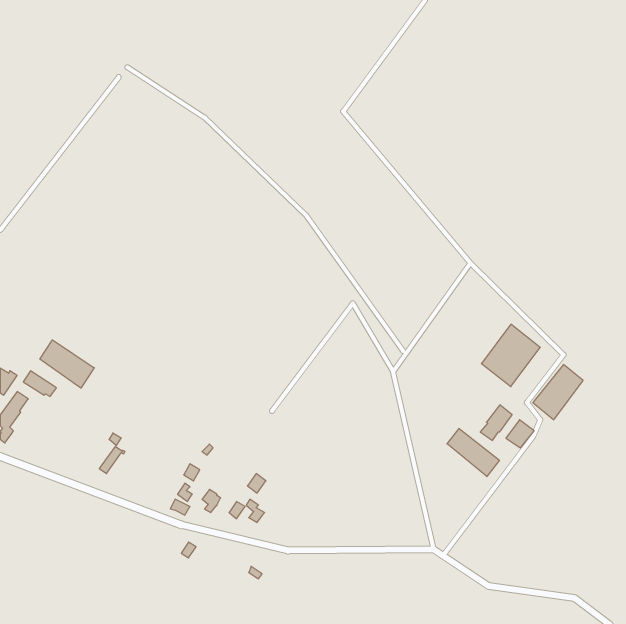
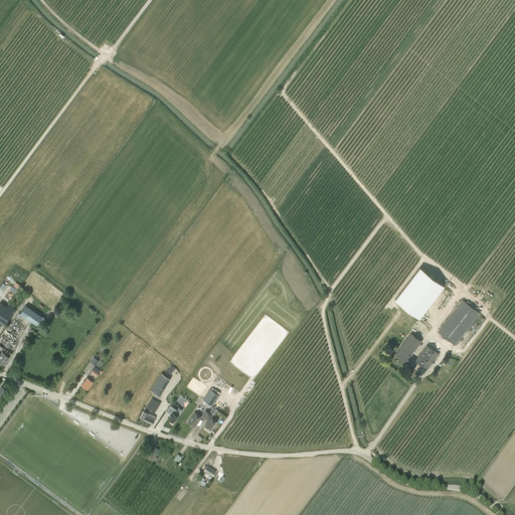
building: [40,340,94,388] -> none
building: [447,429,499,477] -> none

